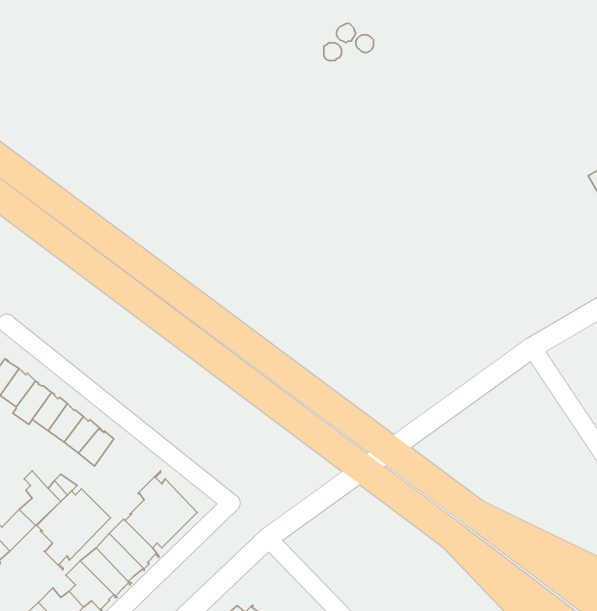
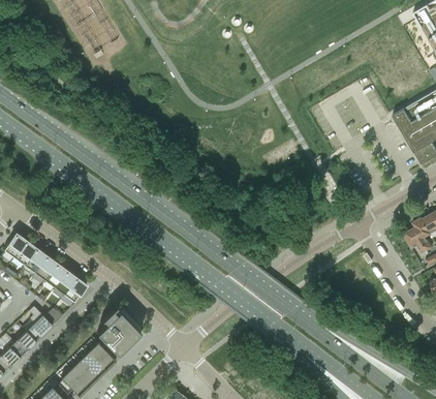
building: [37,489,111,570] -> none

